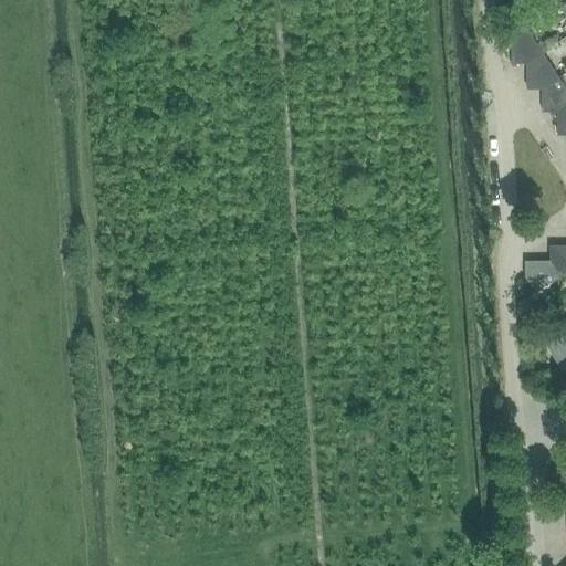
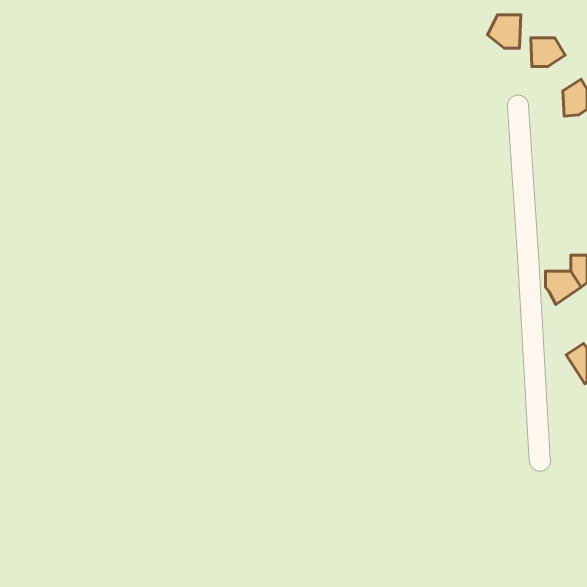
building: none -> [488,15,521,48]
building: [527,53,559,87] -> none

